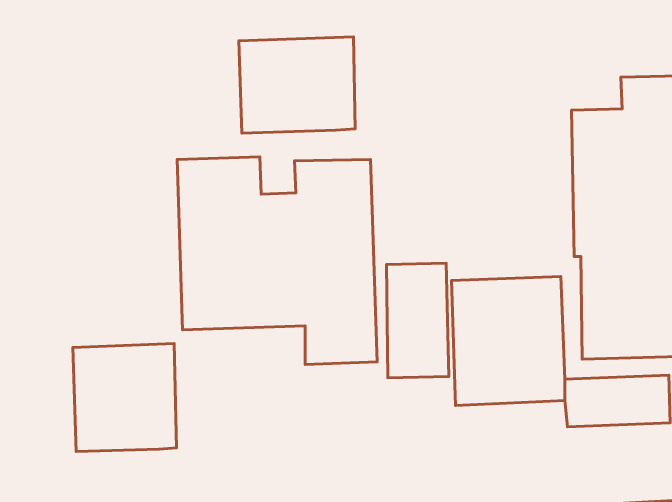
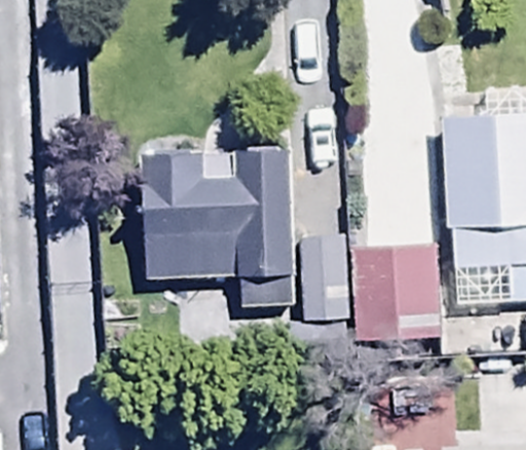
building: [239,37,355,133] -> none
building: [73,344,177,452] -> none

